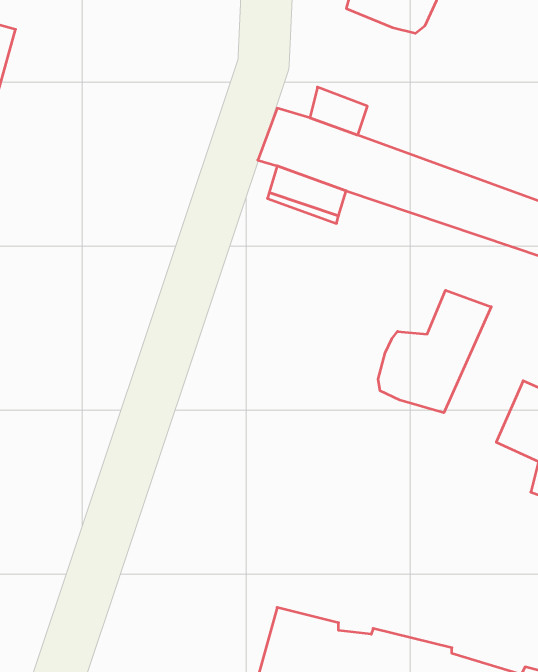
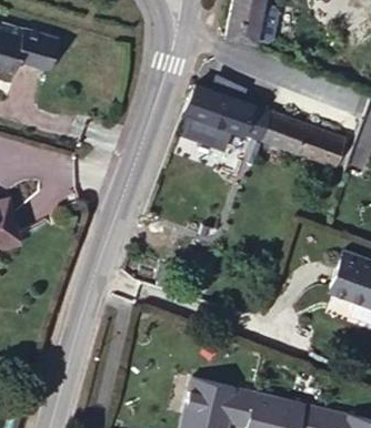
building: [378,290,491,413] -> none

